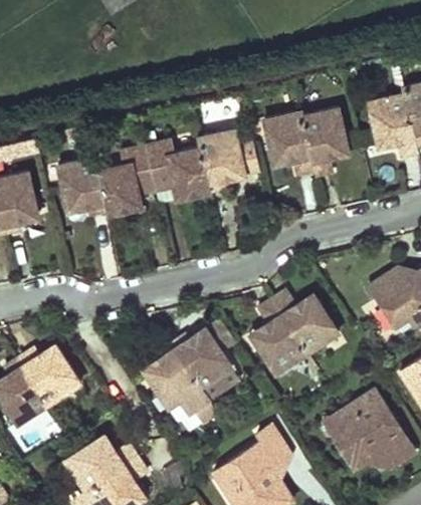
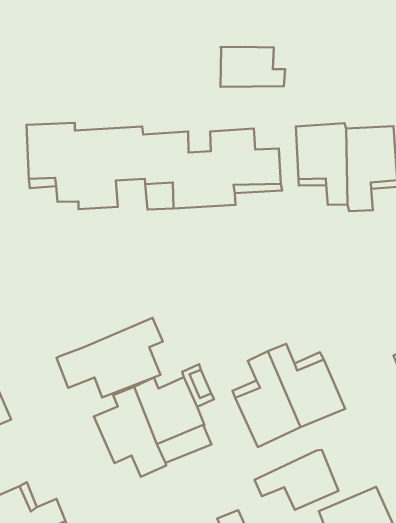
building: none -> [220,47,285,87]
building: none -> [57,318,163,397]
building: none -> [255,450,339,510]

